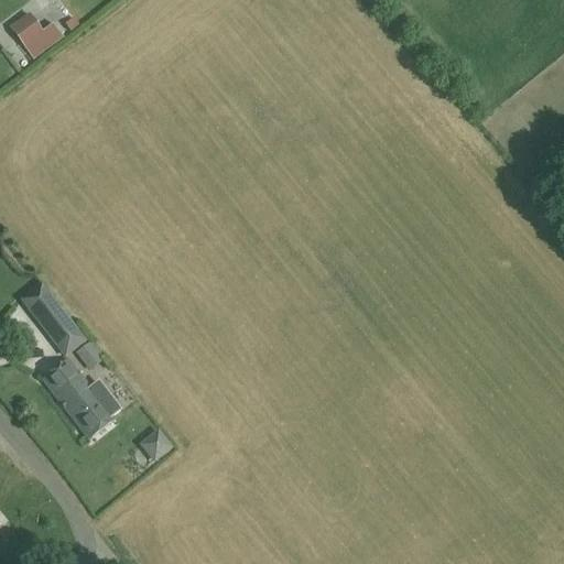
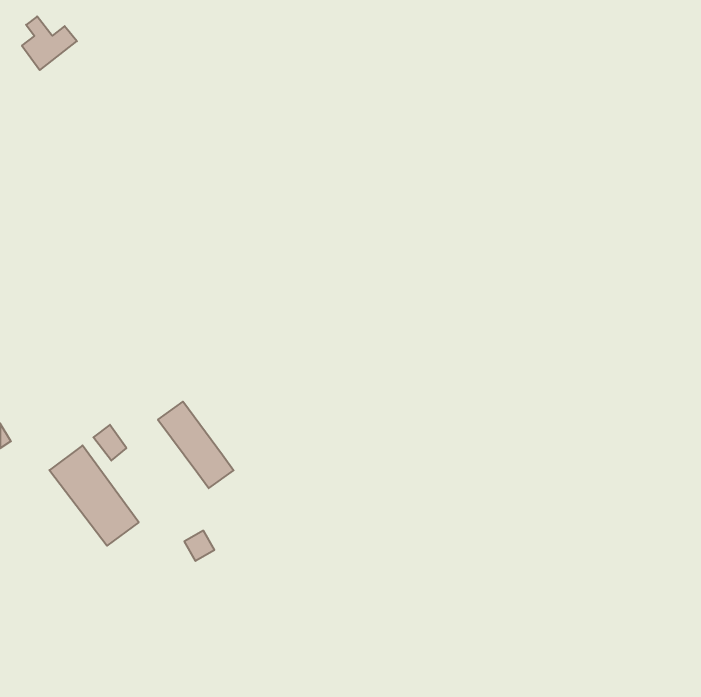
building: [23,284,84,354] -> [158,402,234,488]

